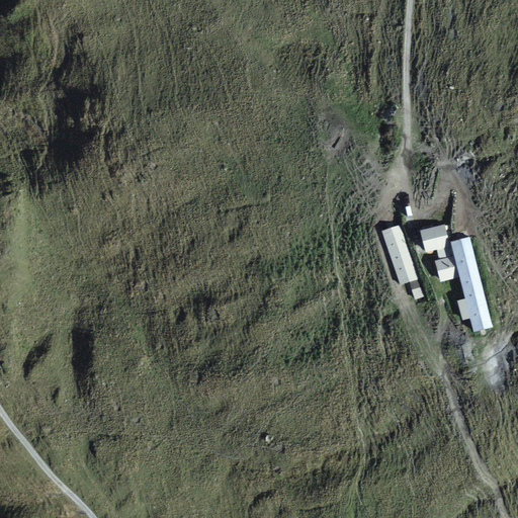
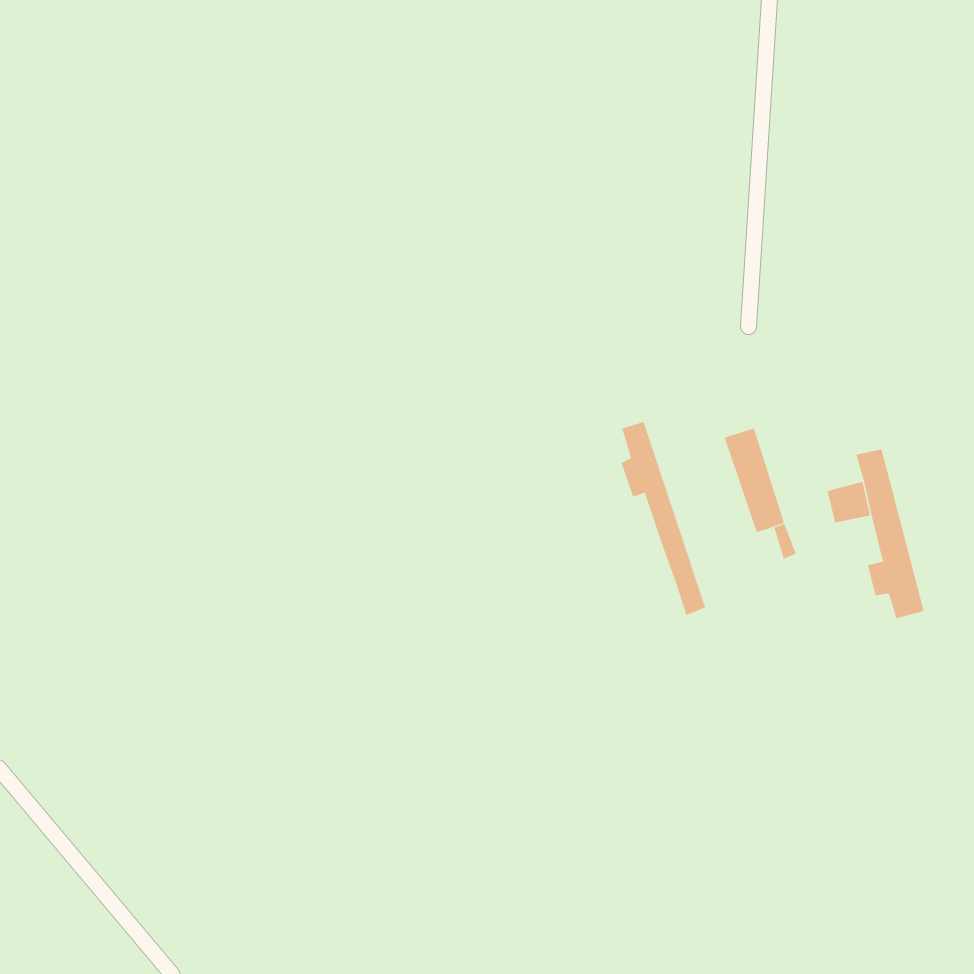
building: none -> [621,421,706,616]
building: [423,225,450,254] -> none

